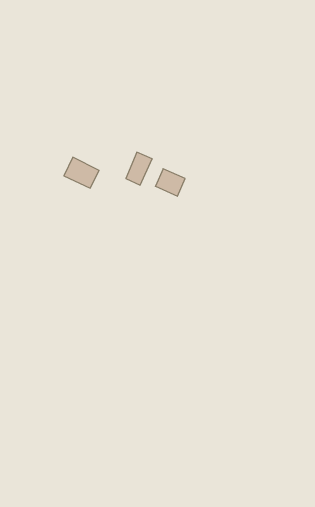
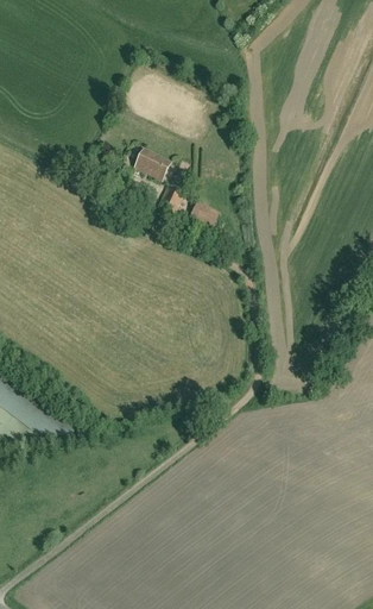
building: [64,157,99,188] -> [133,145,171,178]

